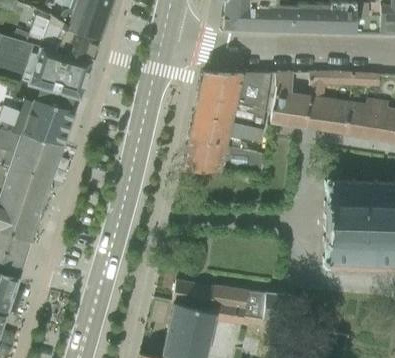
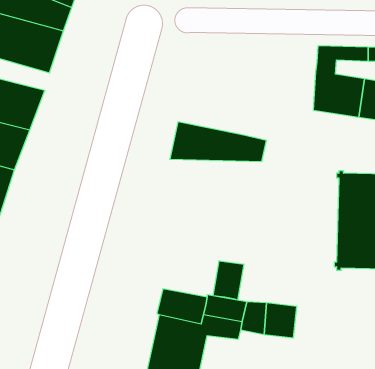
building: [190,72,273,149] -> none
building: [272,73,311,128] -> none
building: none -> [213,261,244,300]

